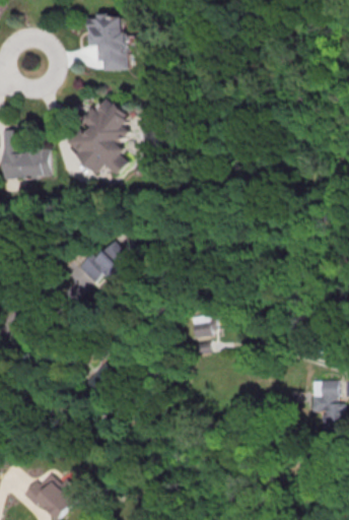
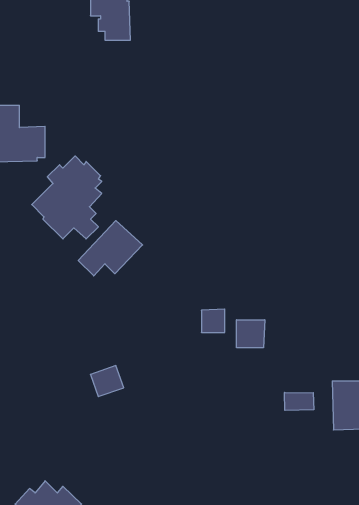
building: [66,96,130,173] -> [32,156,102,239]
building: none -> [237,320,265,348]
building: none -> [285,392,314,410]

